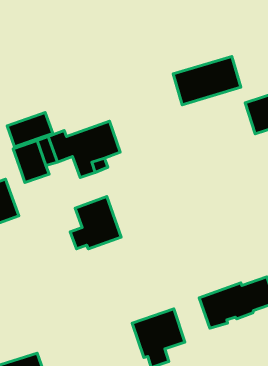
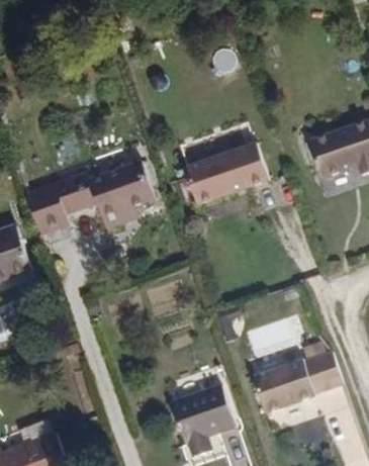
building: [173,56,241,105] -> [185,143,267,201]
building: [7,113,53,147] -> none
building: [70,197,121,249] -> none

